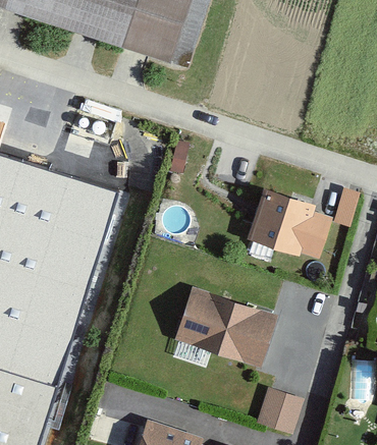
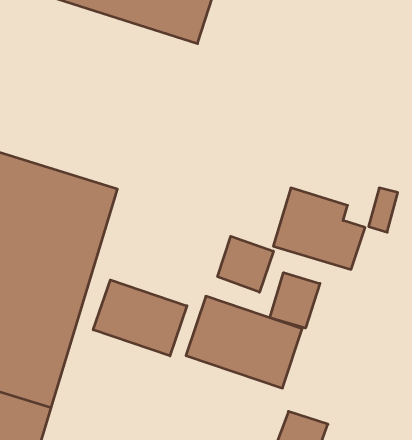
building: none -> [218,236,273,292]
building: none -> [270,273,320,328]
building: none -> [93,280,187,356]

